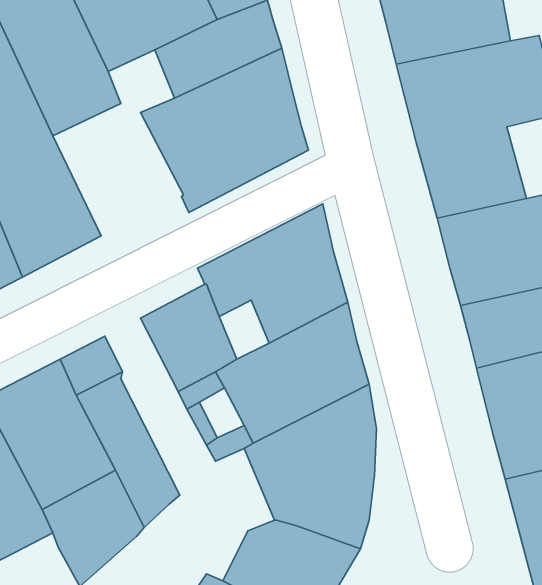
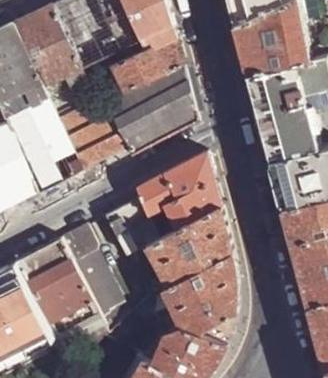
building: none -> [53,95,126,169]

